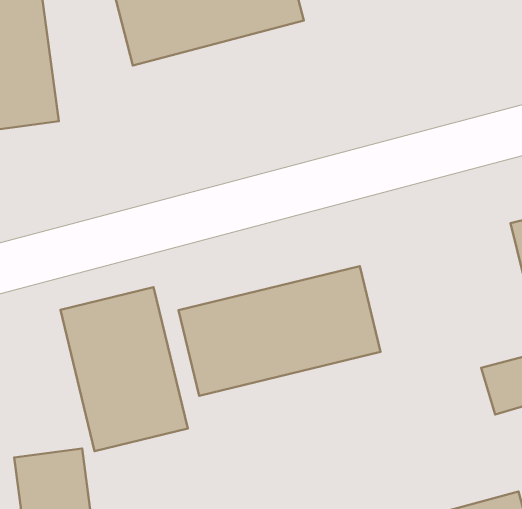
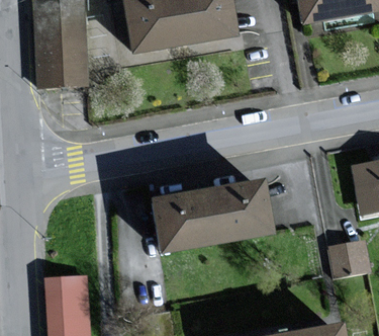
building: [60,287,188,451] -> none

